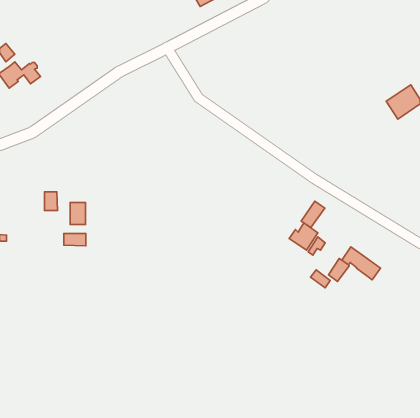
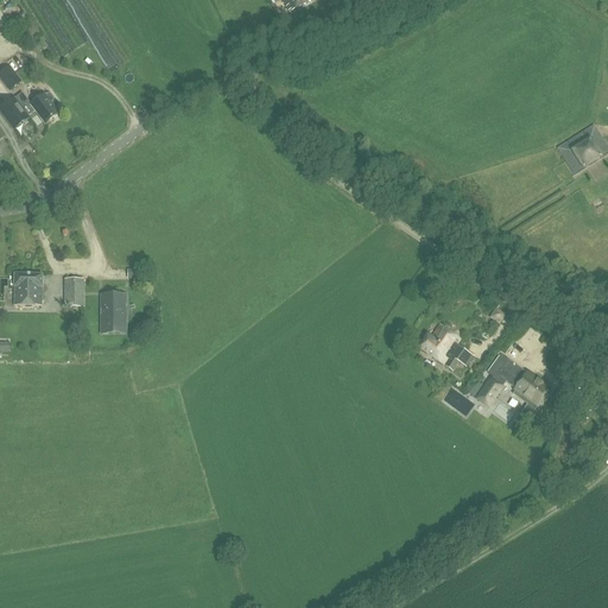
building: none -> [13,272,42,304]
building: [301,201,325,228] -> none
building: [64,233,86,246] -> none

